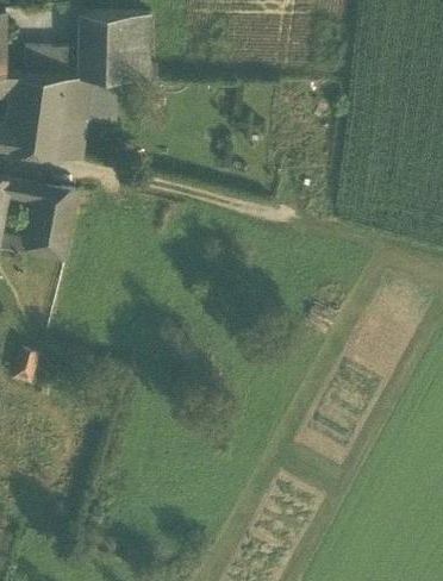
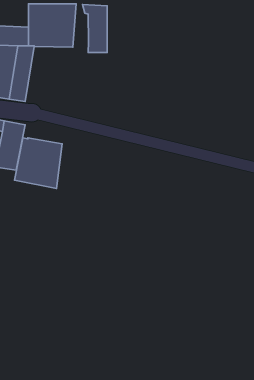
building: none -> [83,4,107,53]
building: none -> [14,138,62,188]

